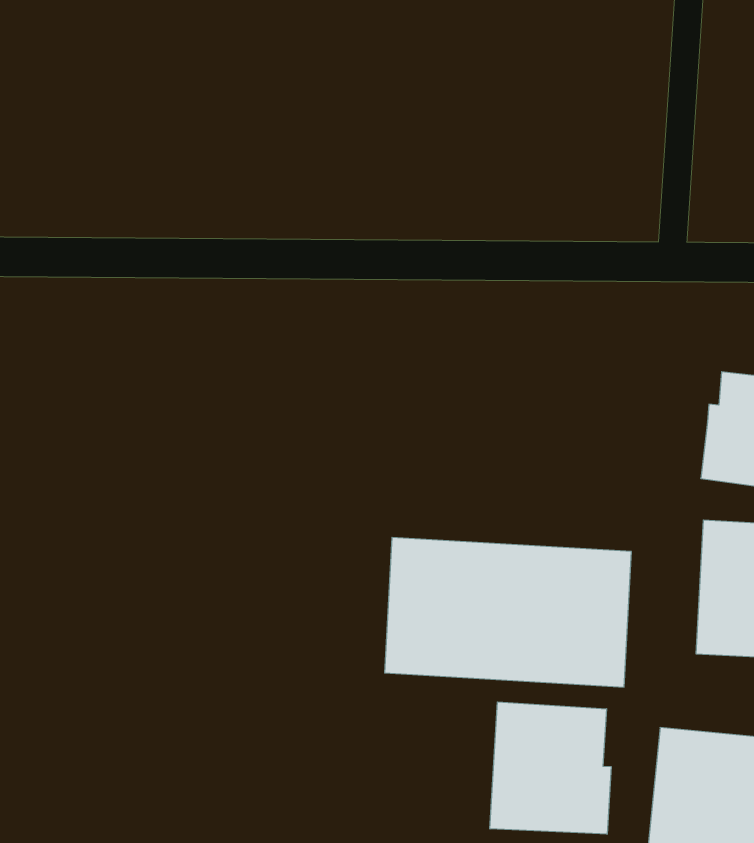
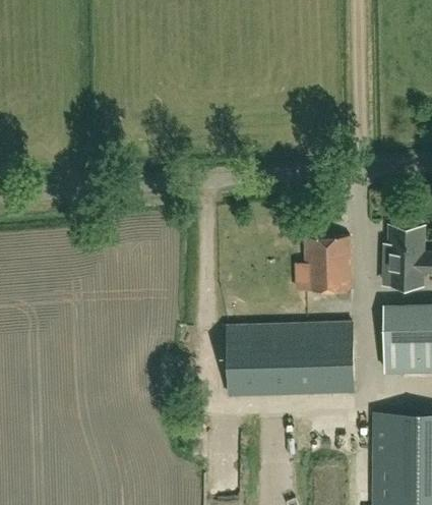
building: none -> [304,235,351,290]
building: [490,702,611,834] -> none

